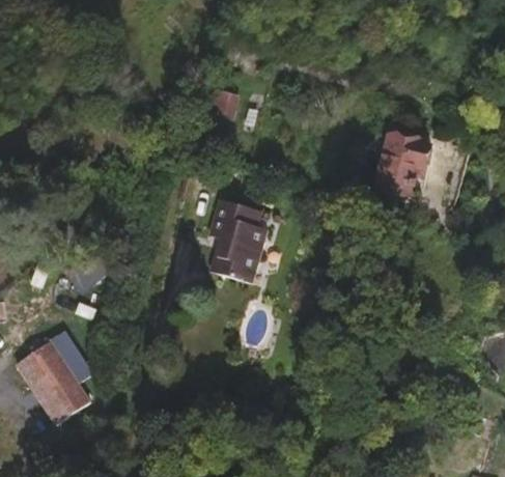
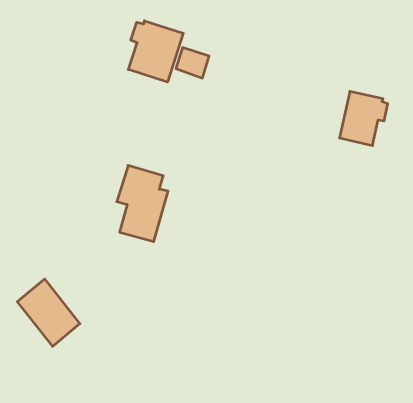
building: none -> [128,21,183,82]
building: [211,204,266,287] -> [117,165,168,242]

